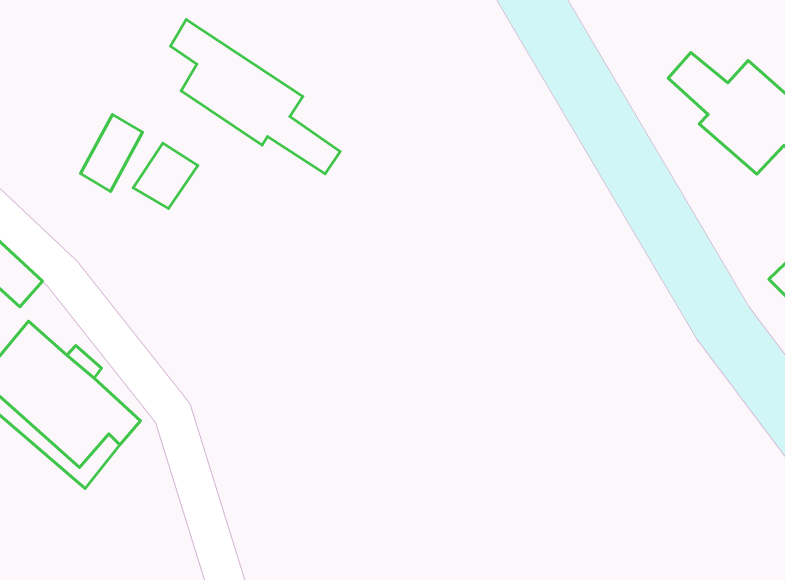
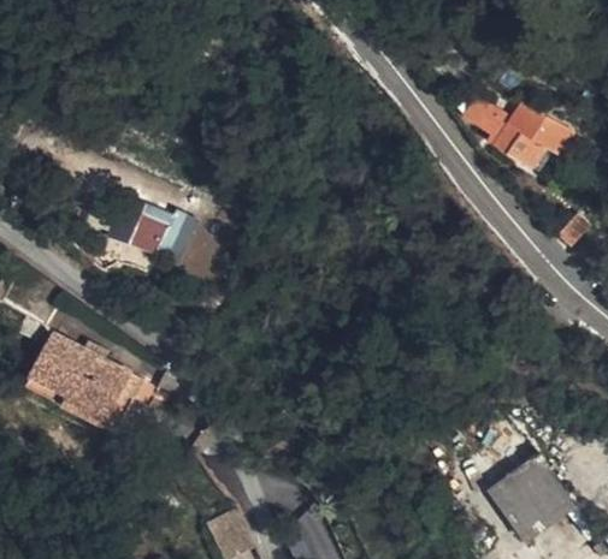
building: [170,20,340,174] -> none

